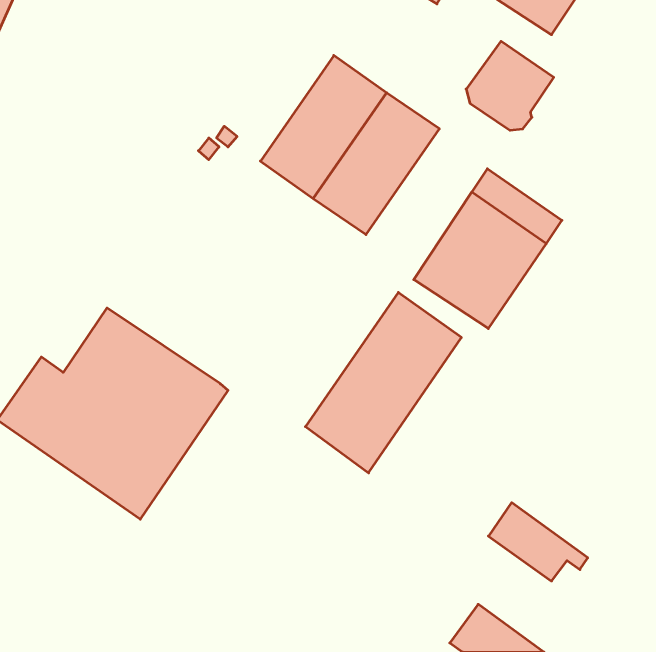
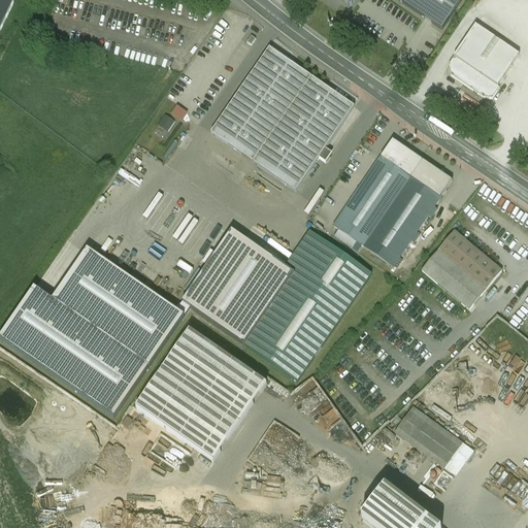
building: [466,41,554,130] -> [451,24,521,95]
building: none -> [423,226,507,307]
building: none -> [176,227,319,341]
building: none -> [133,328,265,459]

